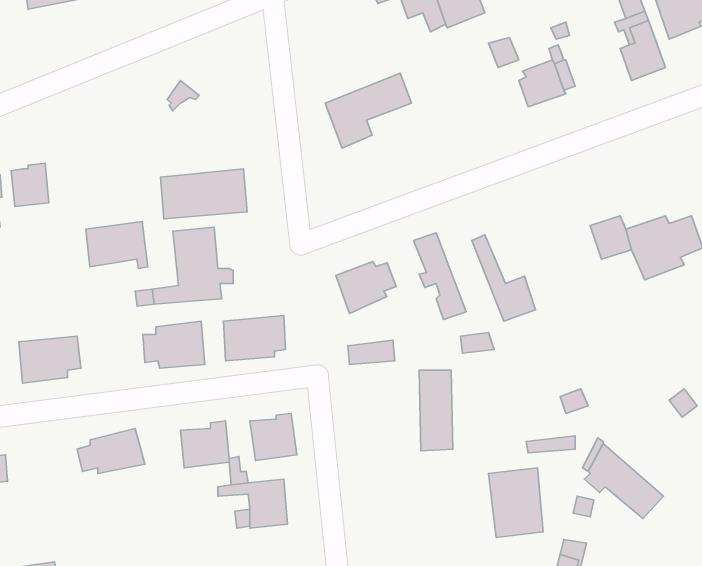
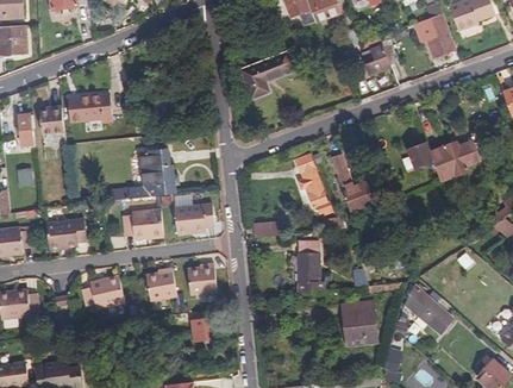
building: [161,169,247,219] -> none
building: [86,222,148,269] -> [68,90,107,120]
building: [336,261,396,313] -> none

